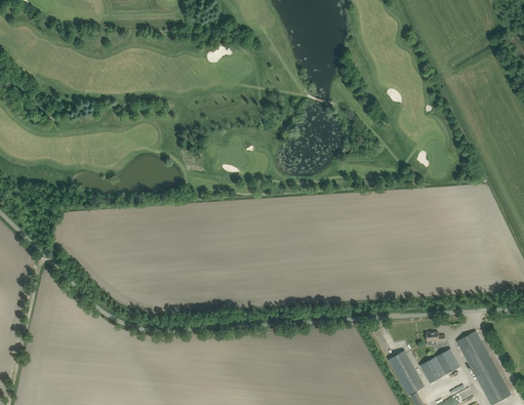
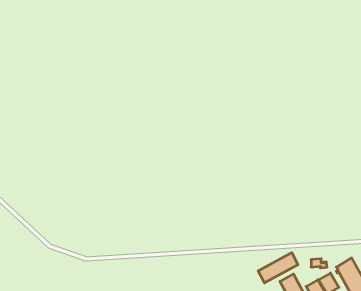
building: none -> [258,253,298,283]

